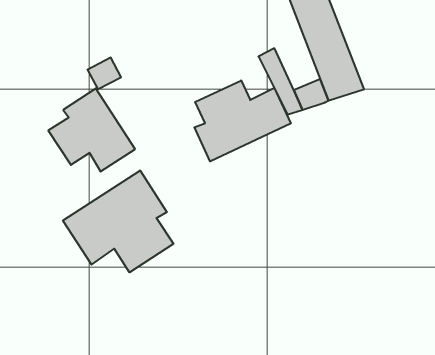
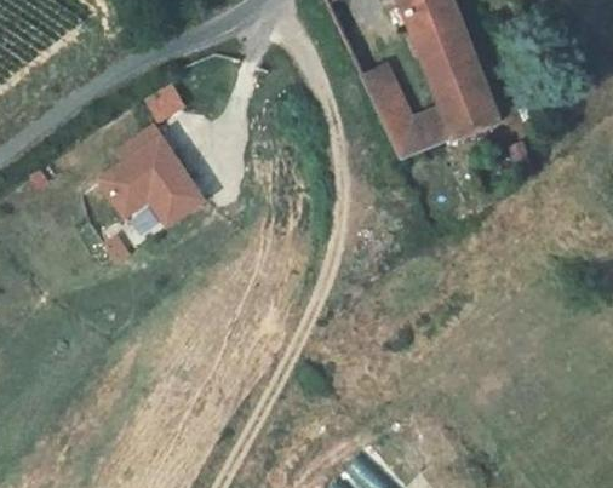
building: [194,80,291,161] -> none
building: [63,170,173,272] -> none

